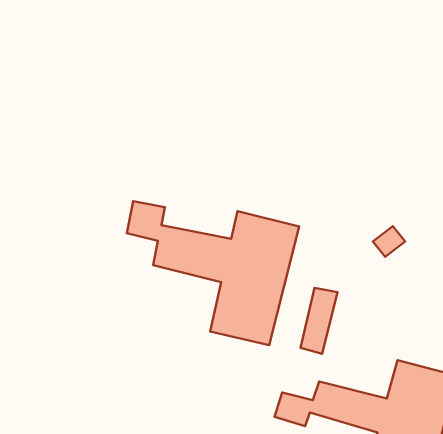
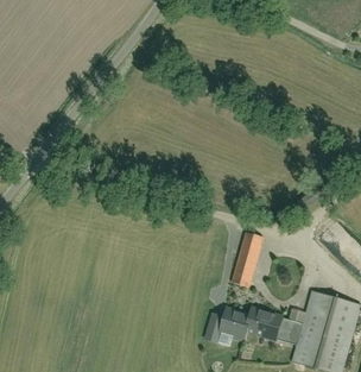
building: [127,201,299,345] -> none

